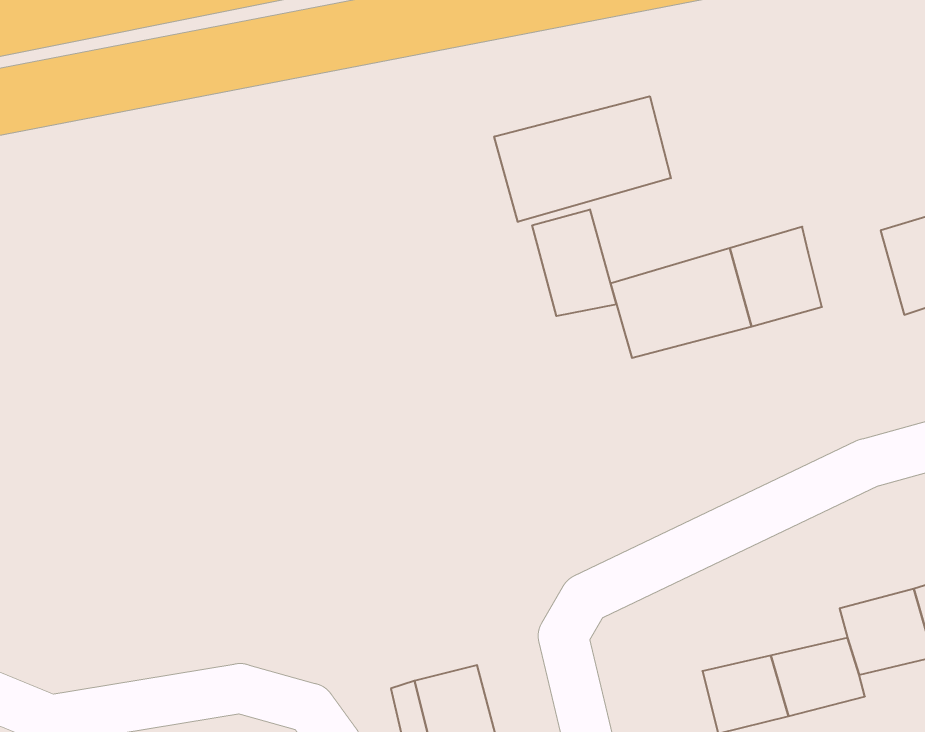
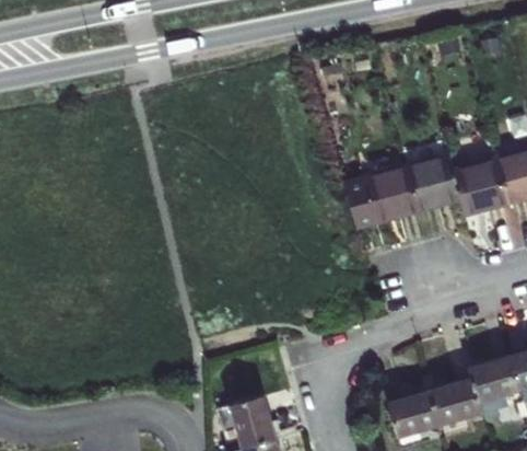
building: [494,96,671,222] -> none
building: [532,209,616,316] -> none
building: none -> [453,155,506,215]

